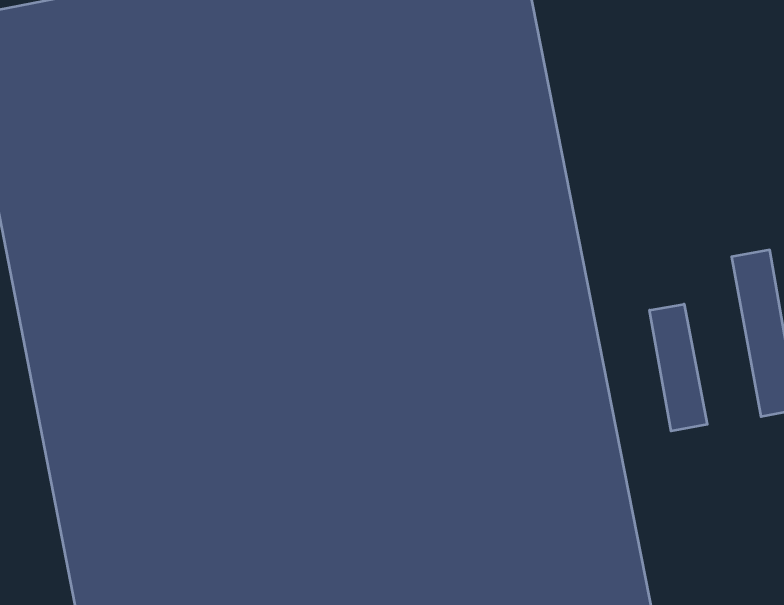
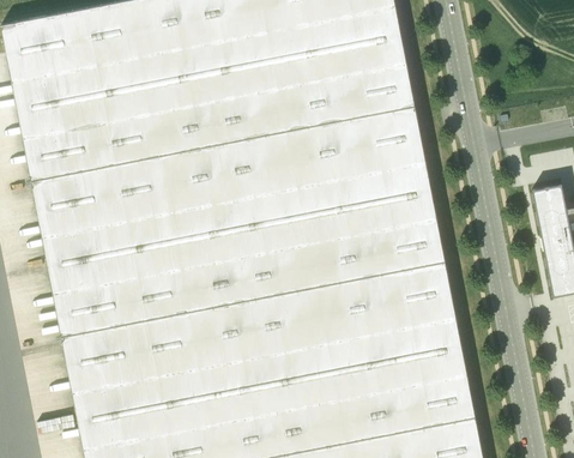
building: [650,304,707,431] -> none

